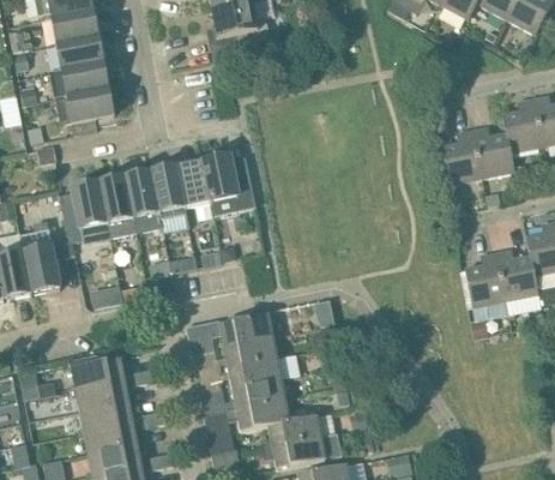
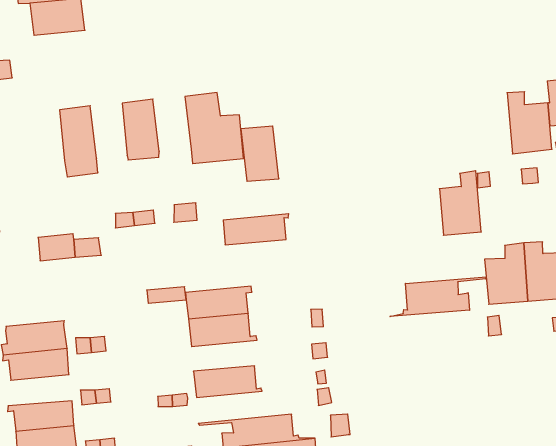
building: [440,130,478,186] -> [439,171,481,235]
building: [175,160,211,208] -> [241,126,279,181]
building: [123,170,161,230] -> none
building: [59,181,110,242] -> none
building: none -> [390,277,486,317]
building: [228,356,282,388] -> [223,214,289,245]
building: [236,398,316,431] -> none
building: [78,401,133,432] -> none

